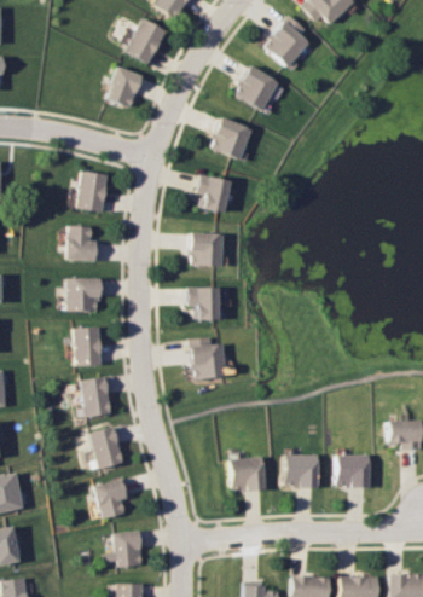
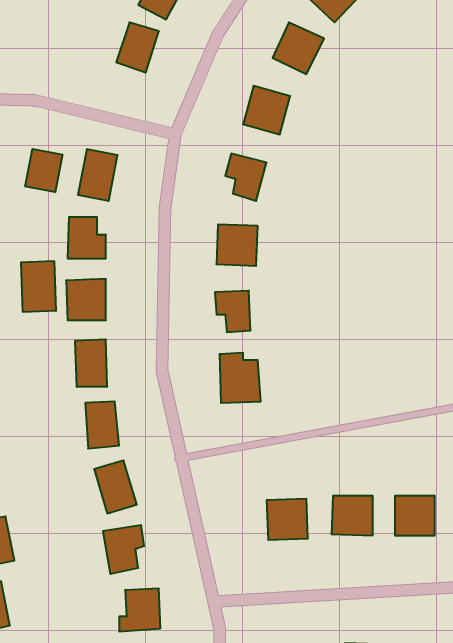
building: none -> [25,149,63,192]
building: none -> [21,261,56,312]

